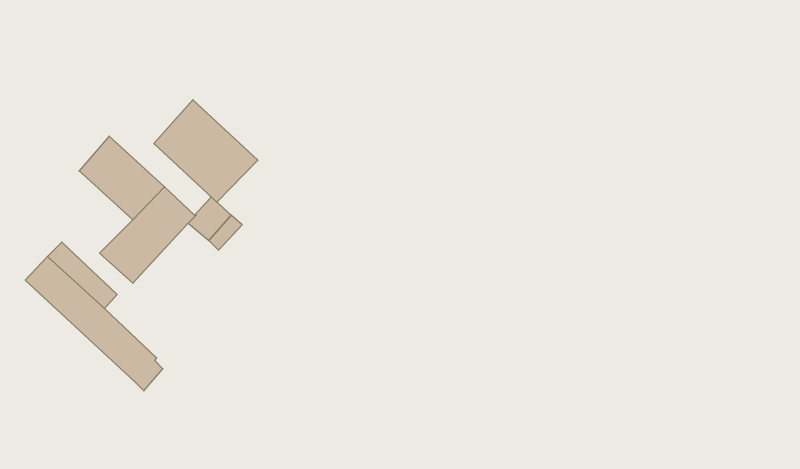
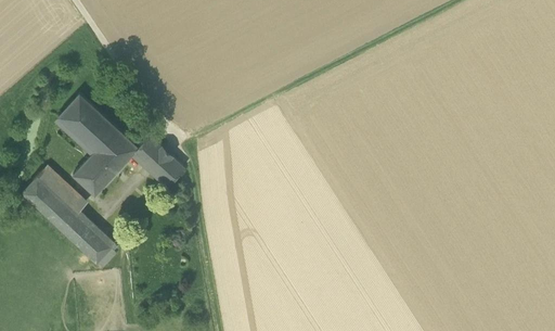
building: [154,100,258,202] -> none
building: none -> [154,155,184,186]

